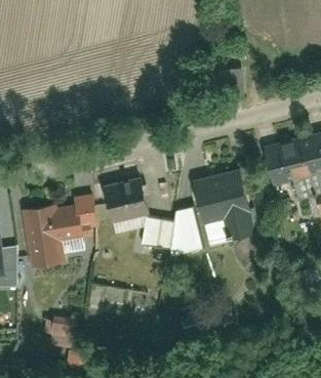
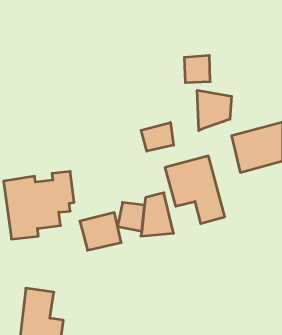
building: none -> [197,90,232,131]
building: none -> [141,122,174,151]
building: [105,183,149,223] -> [80,213,121,250]

